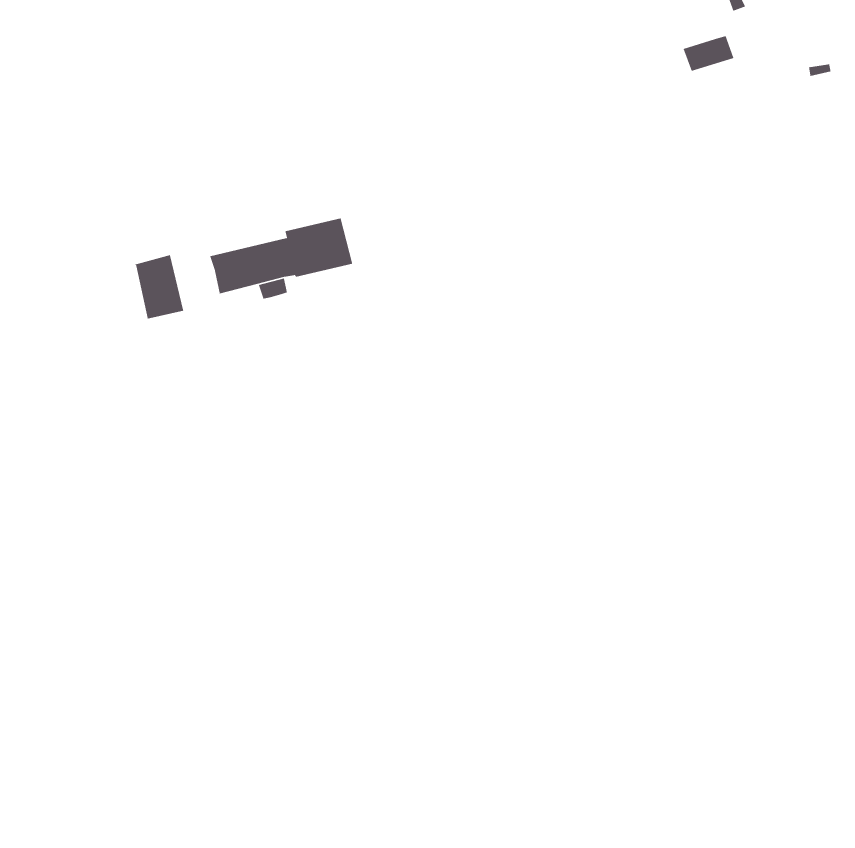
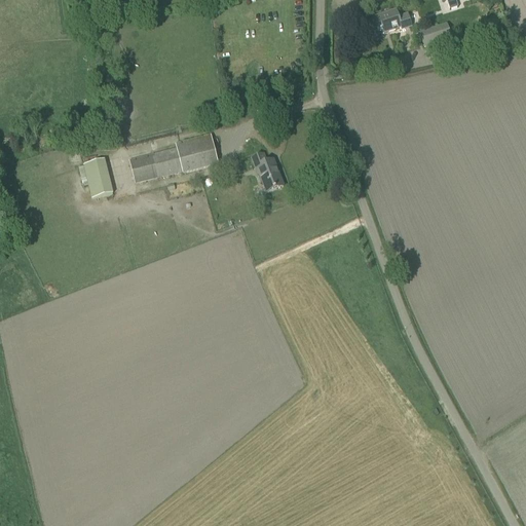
building: none -> [370,7,411,33]
building: none -> [251,152,283,190]

